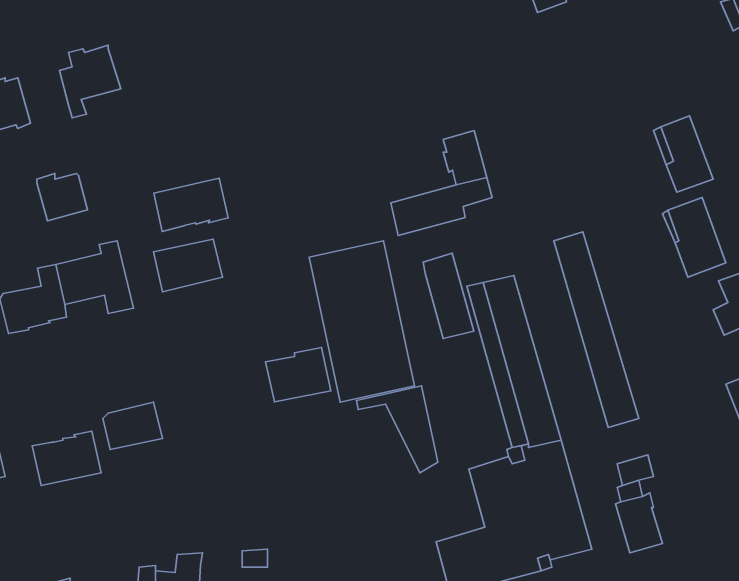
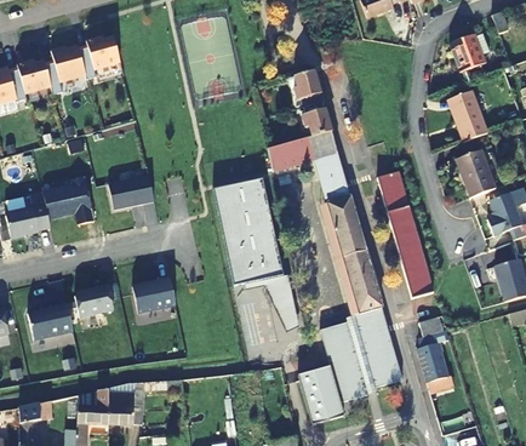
building: none -> [450,33,485,72]
building: none -> [79,36,121,79]
building: none -> [295,72,324,108]
building: [37,174,87,221] -> [18,61,52,92]
building: [154,178,228,231] -> none
building: [423,253,474,338] -> [316,147,350,204]
building: [266,347,331,402] -> [133,275,177,311]

